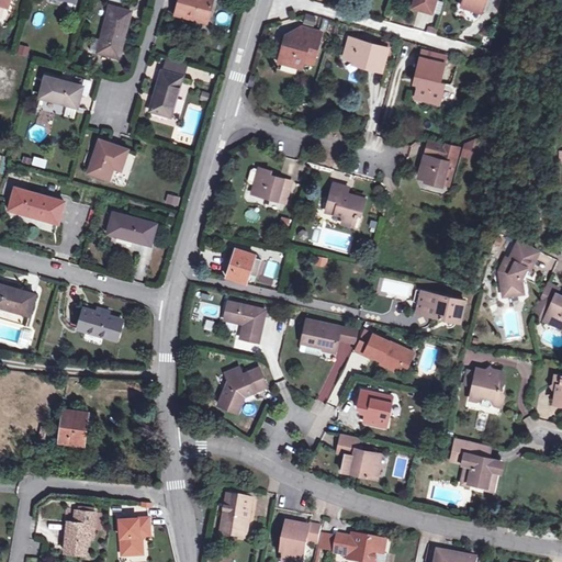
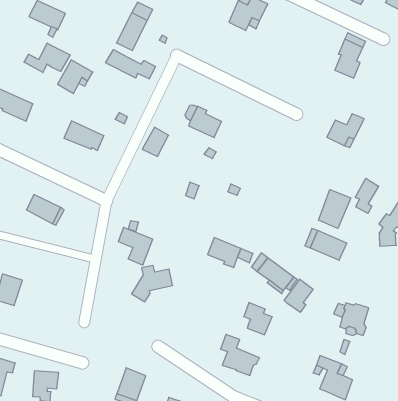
building: [344,37,387,71] -> none
building: none -> [106,50,155,79]
building: none -> [24,43,70,73]
building: [325,183,363,226] -> none
building: none -> [355,178,379,213]
building: none -> [318,190,351,228]
building: [225,248,254,282] -> [142,127,169,156]
building: [224,302,265,342] -> [118,227,153,265]
building: none -> [284,279,313,312]

